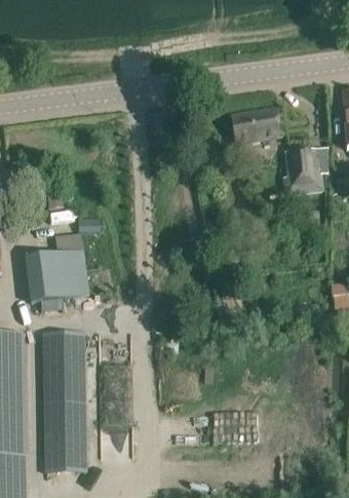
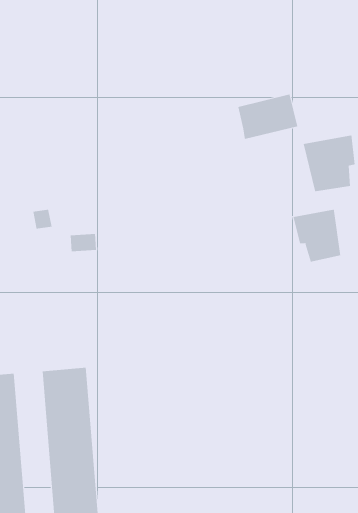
building: none -> [293,209,341,262]
building: [25,247,95,301] -> none

